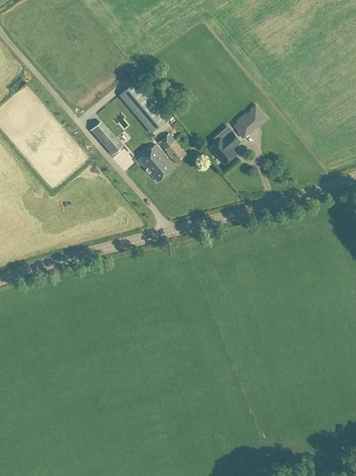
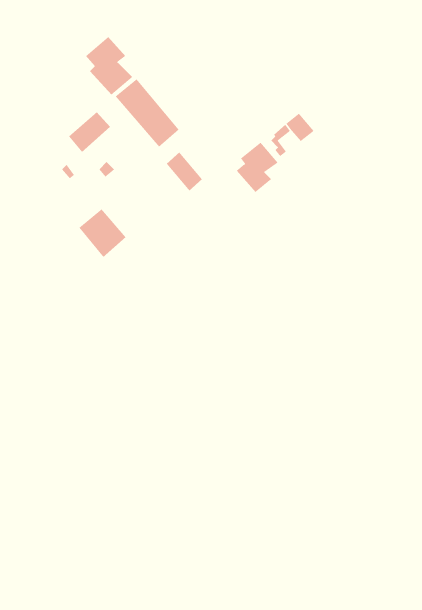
building: none -> [85,36,133,96]
building: [138,147,173,183] -> [78,208,127,258]

